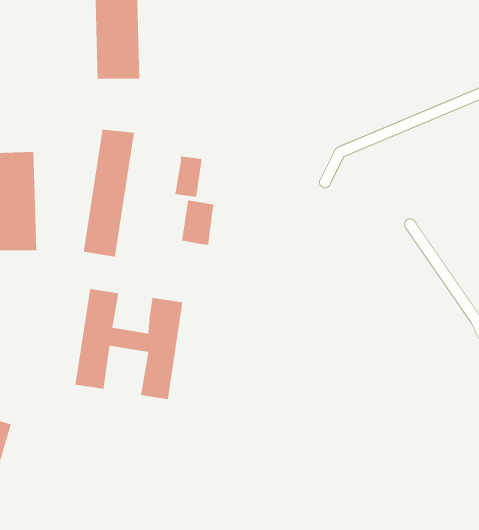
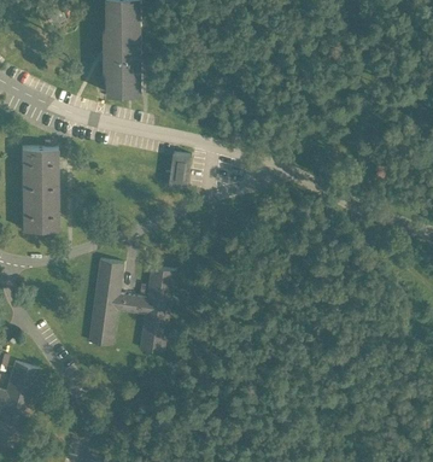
building: [83,129,135,257] -> none
building: [181,200,215,246] -> none

